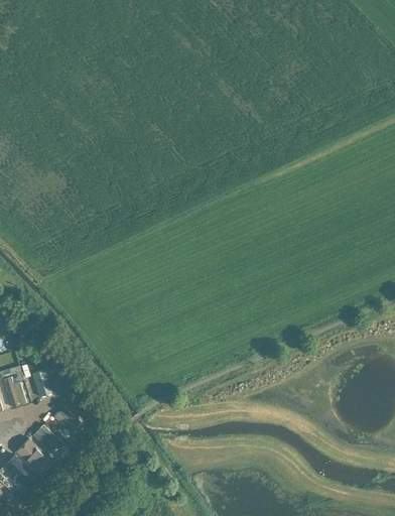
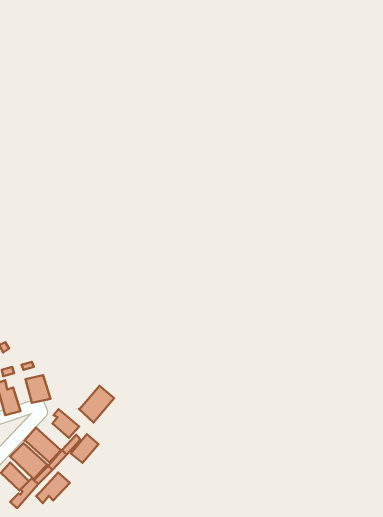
building: none -> [79,386,114,422]
building: none -> [71,434,99,463]
building: none -> [36,472,70,503]

